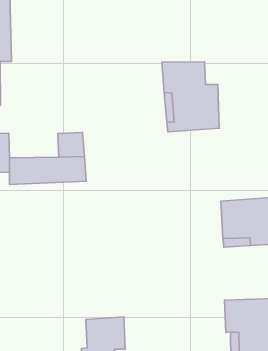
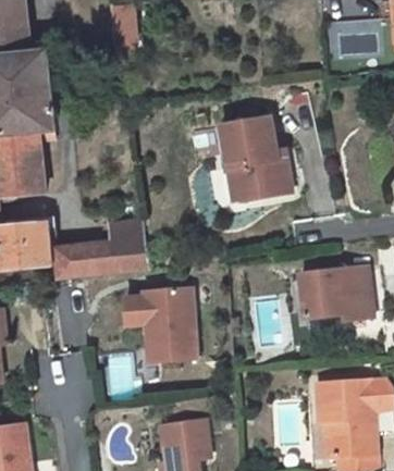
building: none -> [123,285,197,360]

